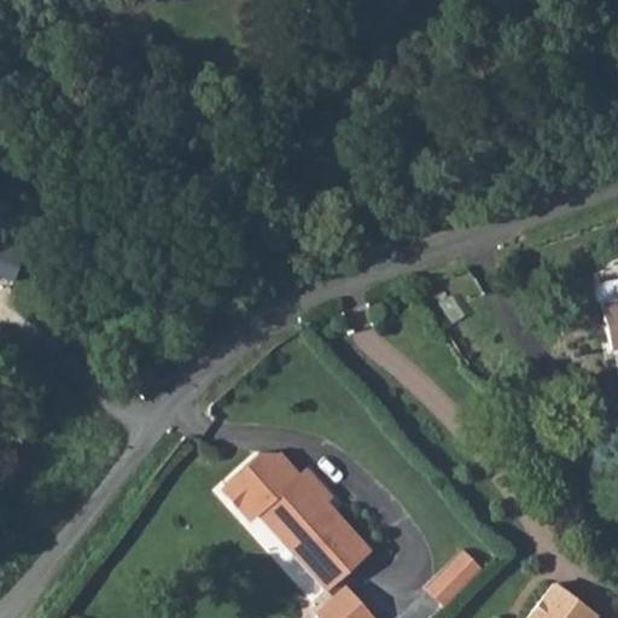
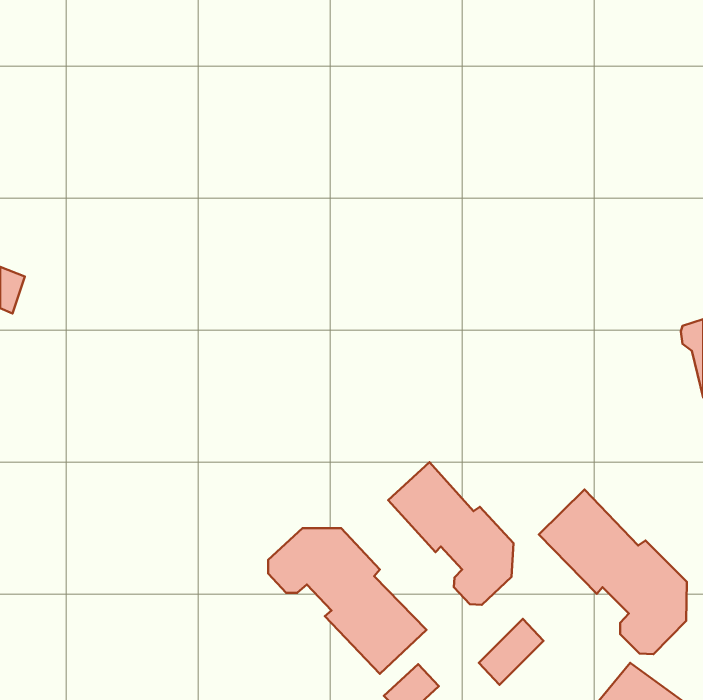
building: none -> [388,462,514,605]
building: none -> [539,490,687,654]

